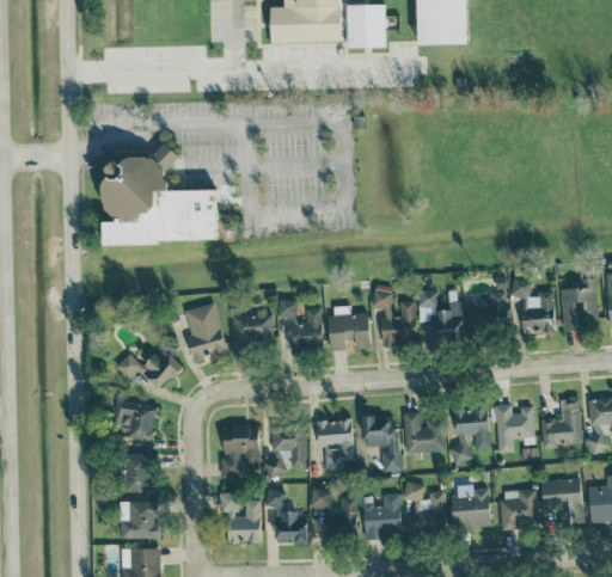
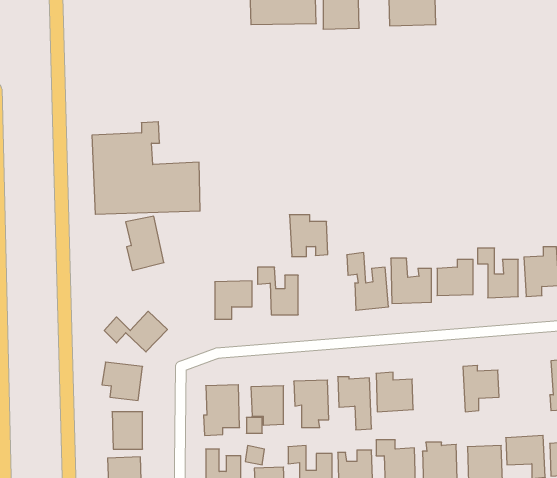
building: [185,303,226,361] -> [126,216,164,270]
building: [329,306,369,350] -> [289,215,328,257]
building: [541,399,582,446] -> none
building: [451,409,490,462] -> none

